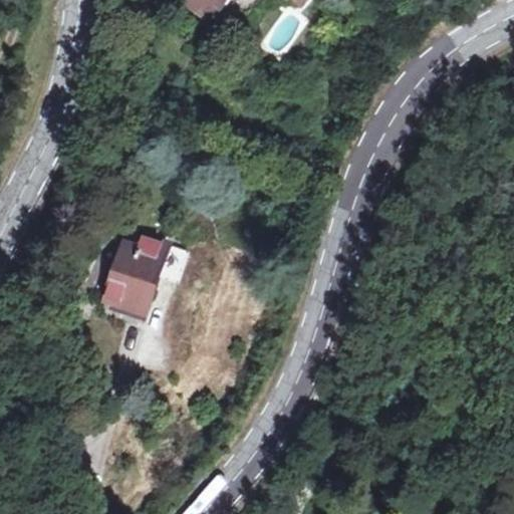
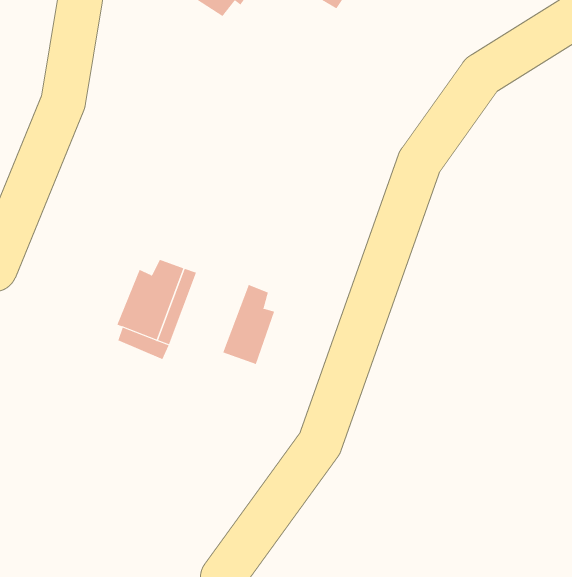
building: none -> [223,284,275,365]

